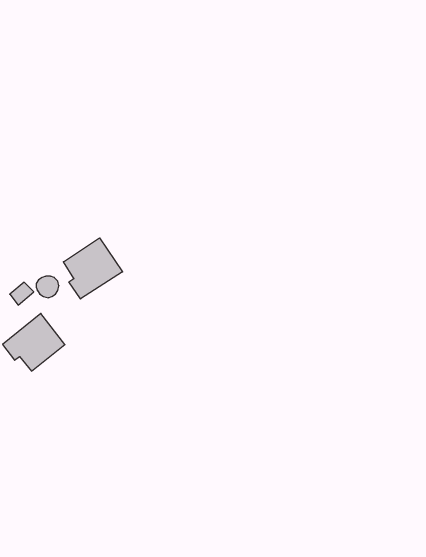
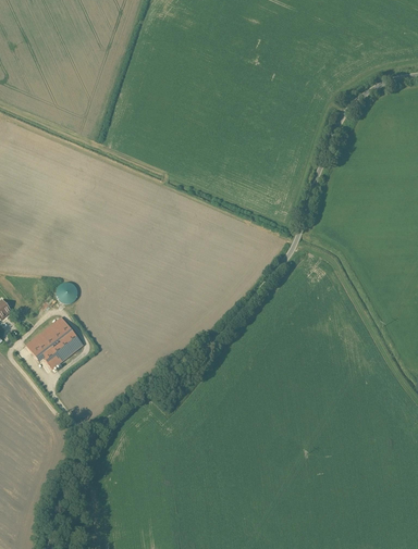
building: [63,238,123,299] -> none

